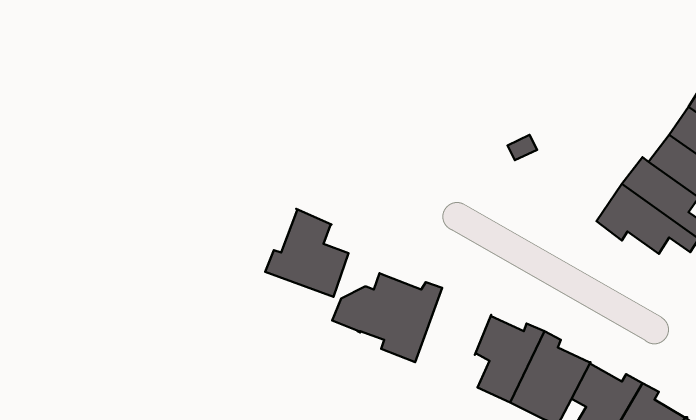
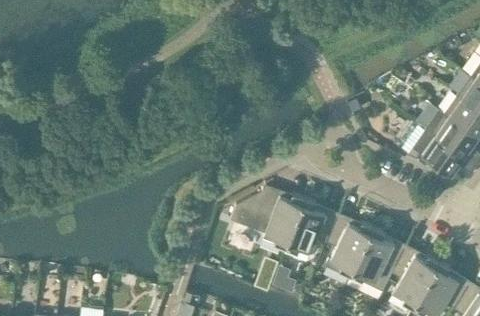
building: [265,209,349,297] -> none
building: none -> [286,198,337,257]

